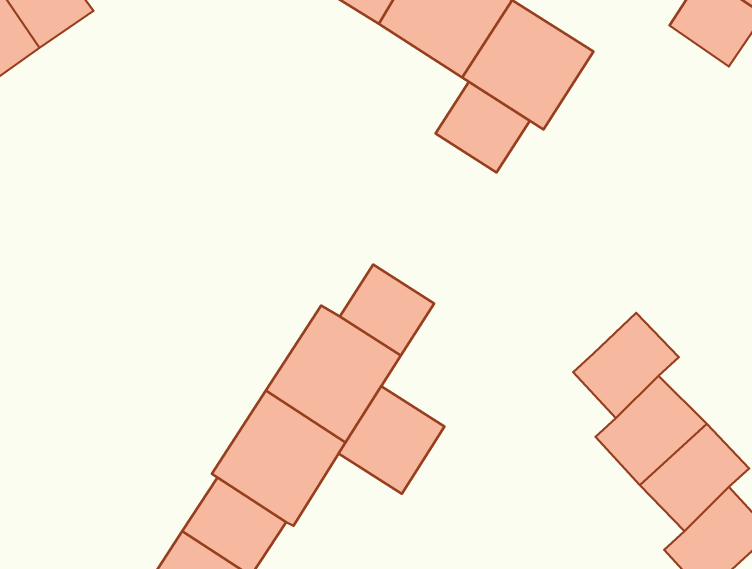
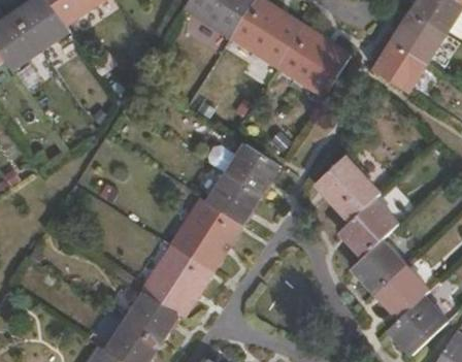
building: none -> [373,39,425,91]
building: [435,82,530,173] -> [227,143,279,194]
building: none -> [315,156,381,222]
building: [339,386,444,494] -> none

